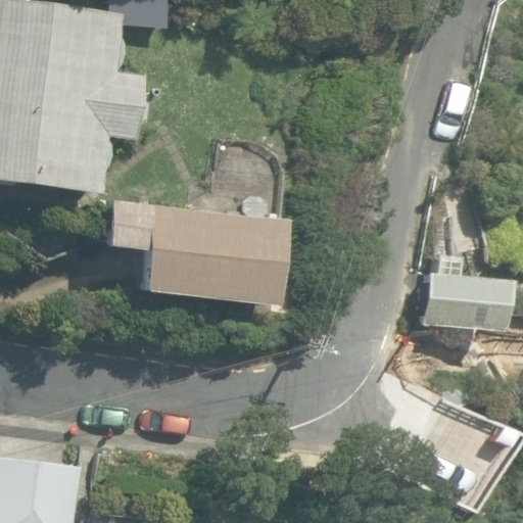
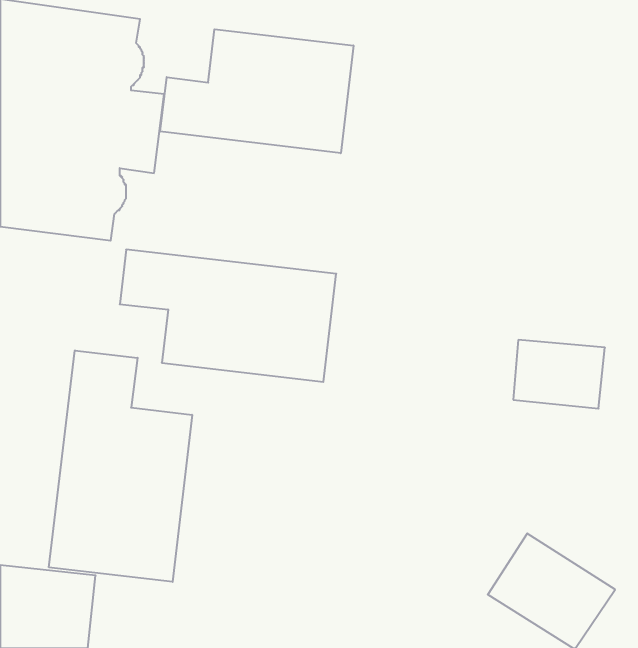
building: none -> [160,29,353,153]
building: none -> [49,350,192,582]

